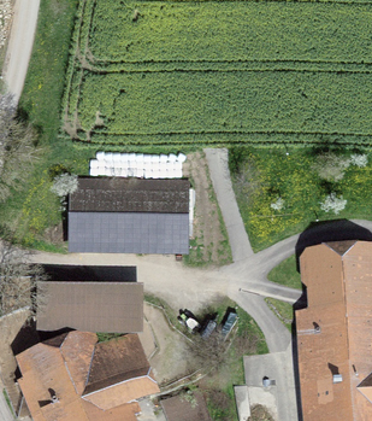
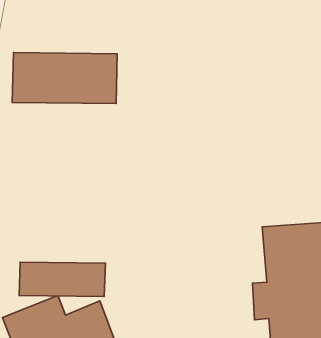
building: [71,182,185,238] -> [12,53,117,103]

